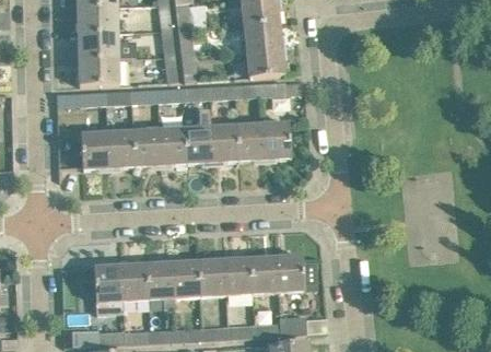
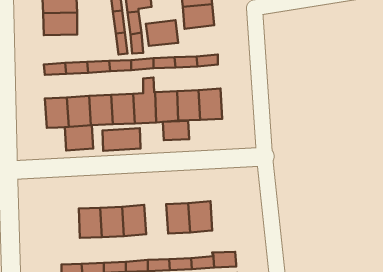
building: [246,47,284,78] -> [146,20,178,46]
building: [79,58,119,86] -> none
building: none -> [163,121,189,140]
building: none -> [65,125,93,151]
building: none -> [102,128,141,151]
building: [277,256,304,292] -> none
building: [198,260,226,296] -> none
building: [94,266,122,315] -> none

